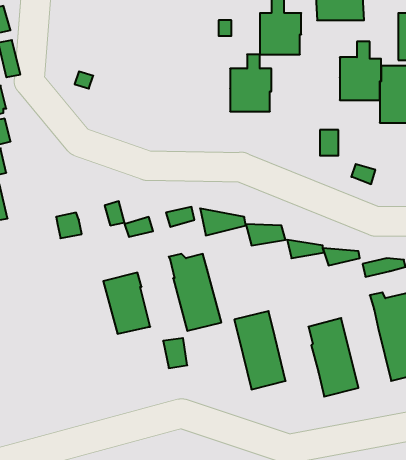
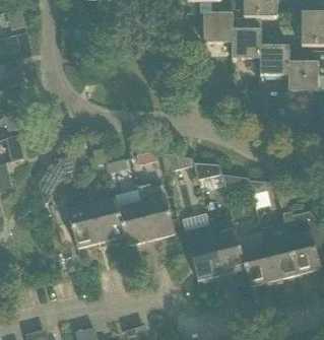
building: [230,54,271,111] -> [232,18,261,59]
building: none -> [64,192,102,248]
building: none -> [118,202,151,246]
building: none -> [261,224,297,280]
building: none -> [212,231,245,275]

